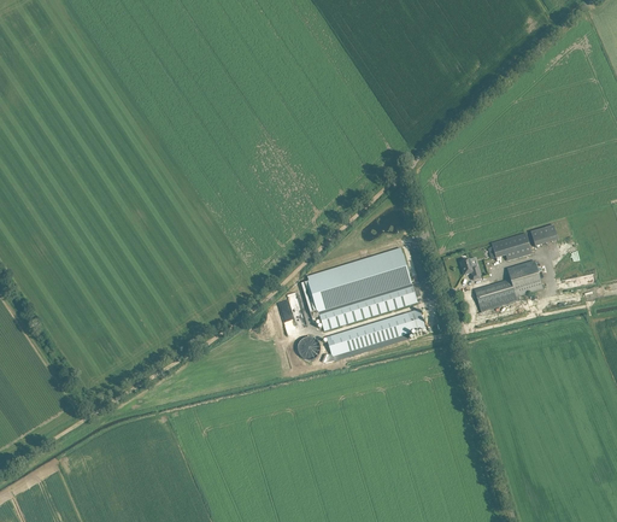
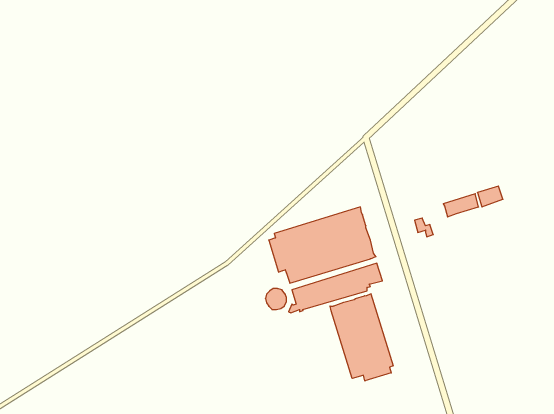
building: [474,259,542,311] -> none
building: none -> [330,294,393,381]

